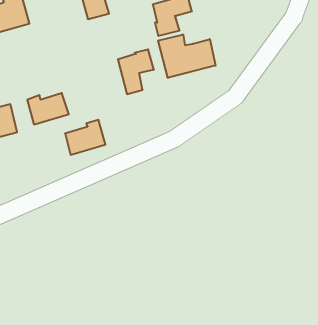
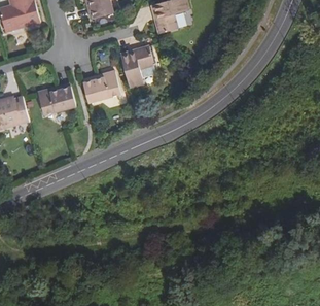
building: [158,34,216,78] -> none
building: [65,120,105,155] -> [82,71,119,103]

